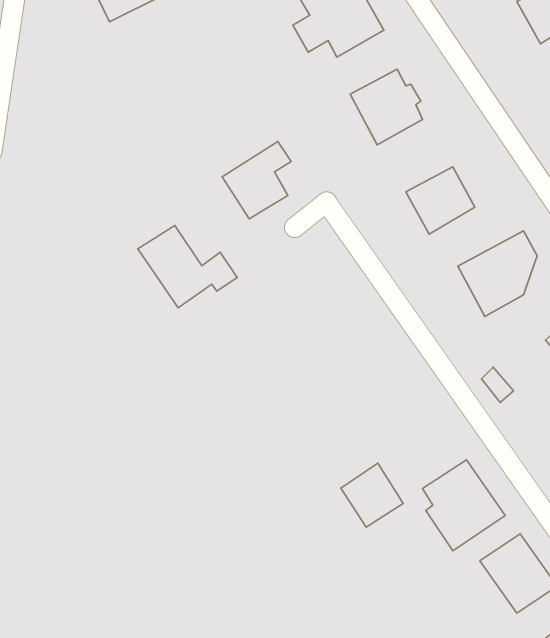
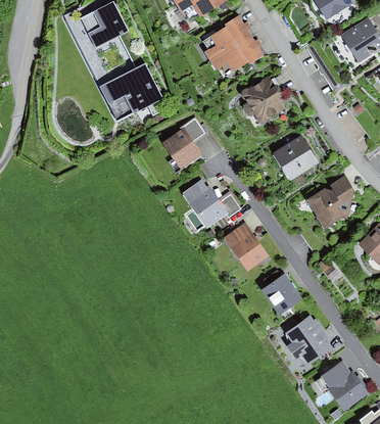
building: none -> [100,64,161,120]
building: [138,225,237,308] -> [181,177,241,227]
building: none -> [224,223,268,269]
building: [341,463,403,527] -> [263,273,300,312]

